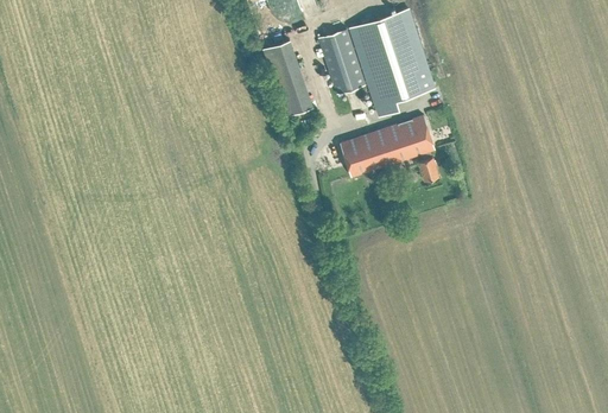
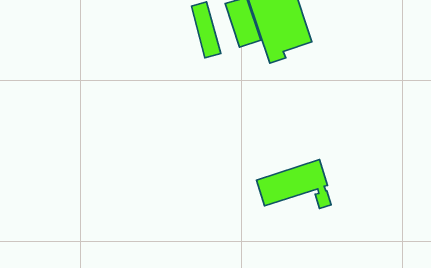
building: [337,116,437,182] -> [256,160,331,209]

